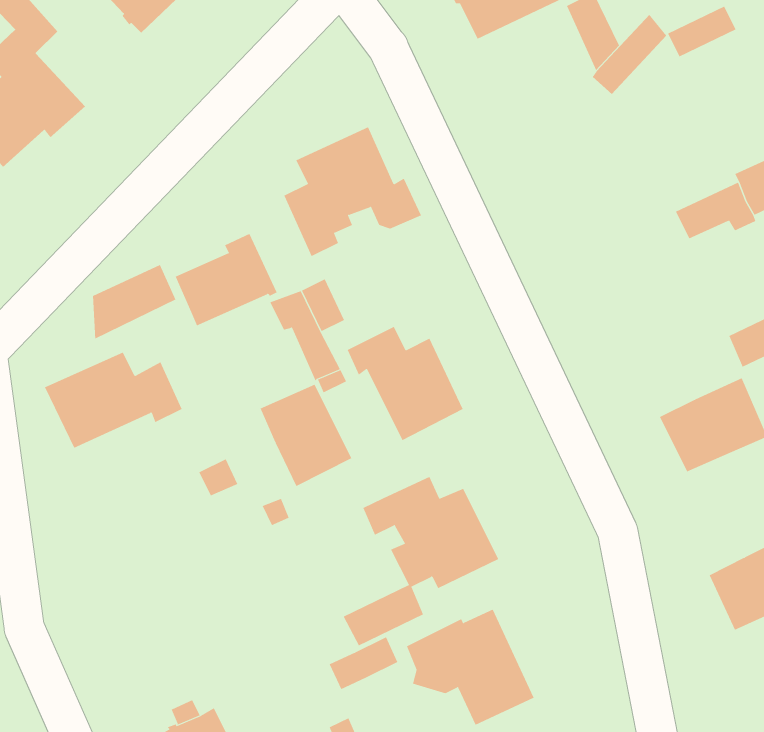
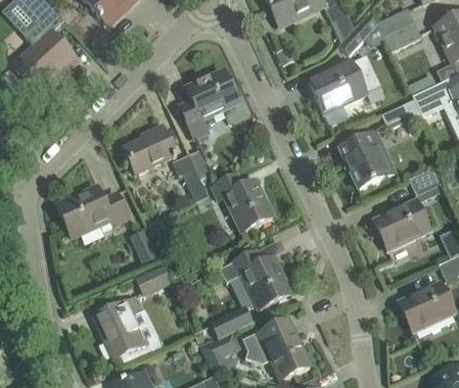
building: none -> [383,19,421,50]
building: none -> [308,54,379,112]
building: none -> [339,130,394,187]
building: [92,264,176,340] -> none
building: [260,384,352,487] -> none
building: none -> [136,264,171,295]
building: none -> [95,295,149,357]

